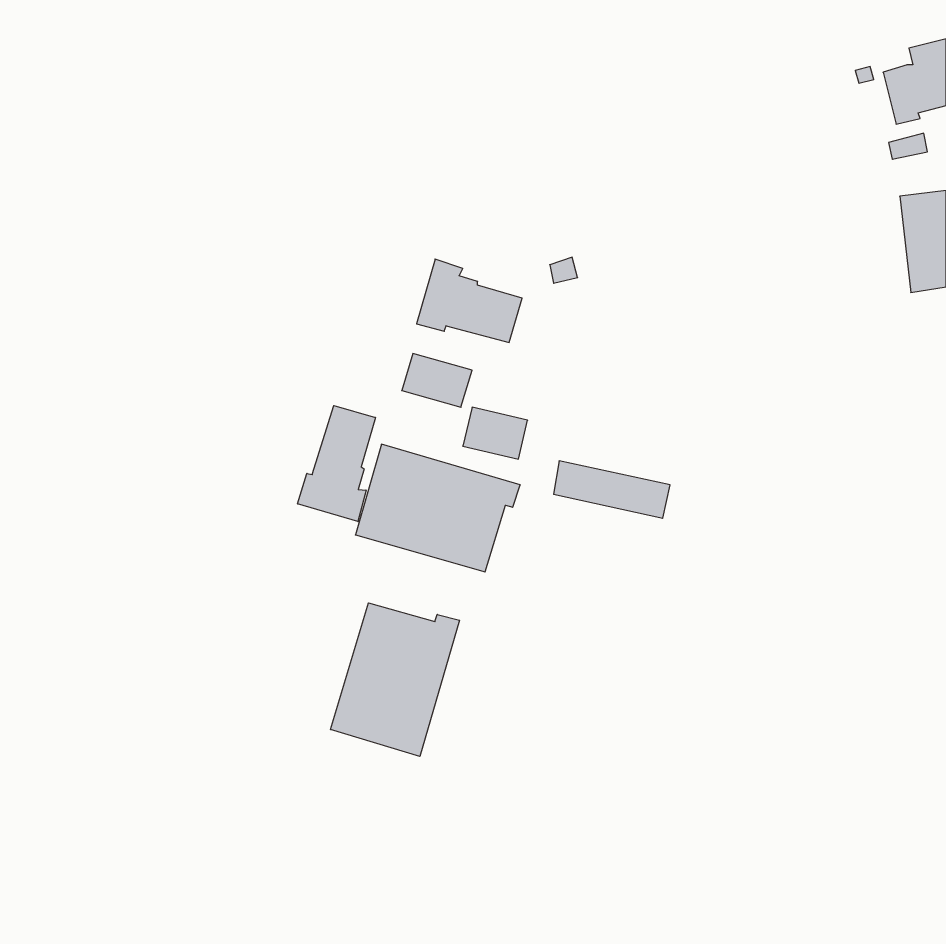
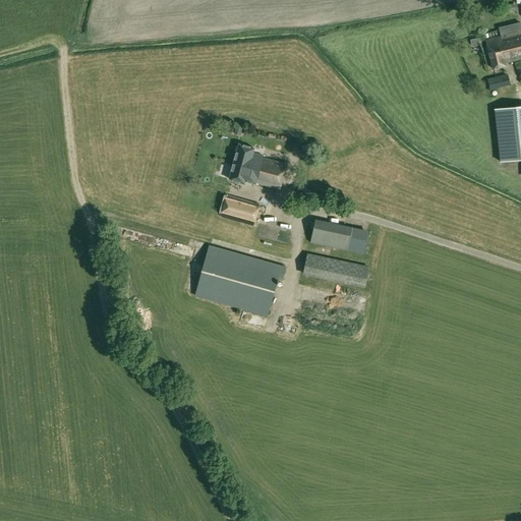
building: none -> [309,217,368,253]
building: [298,406,375,522] -> none
building: [331,603,460,756] -> none

